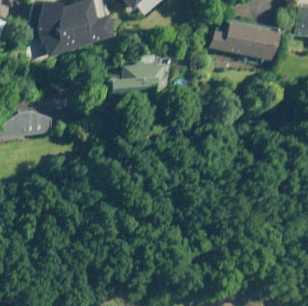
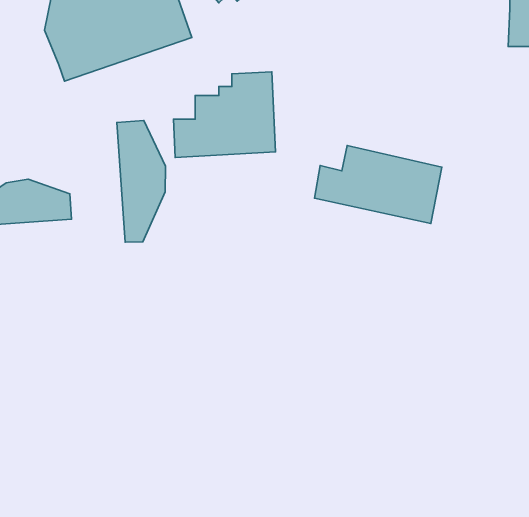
building: [210,18,280,61] -> [315,145,442,224]
building: none -> [117,121,166,242]

